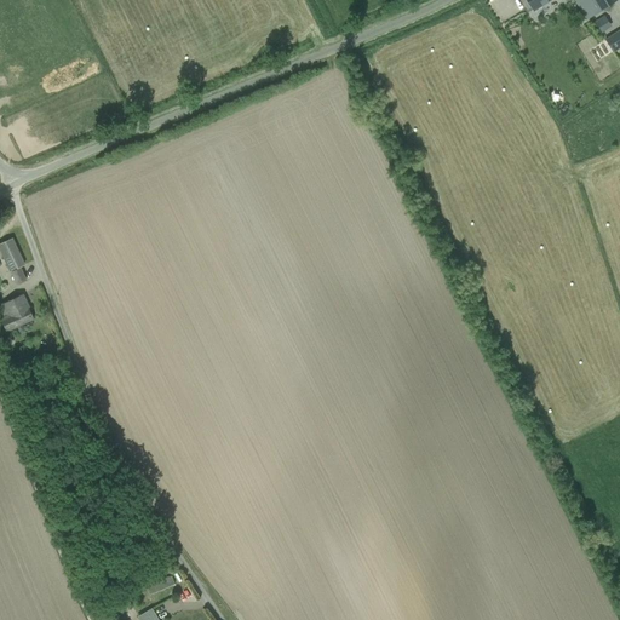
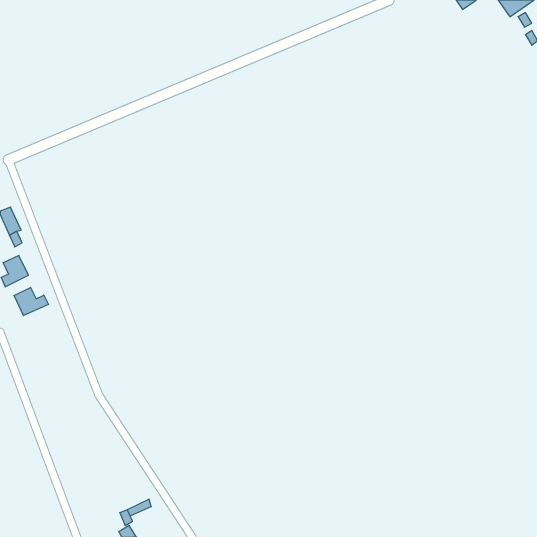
building: none -> [14,287,48,316]

